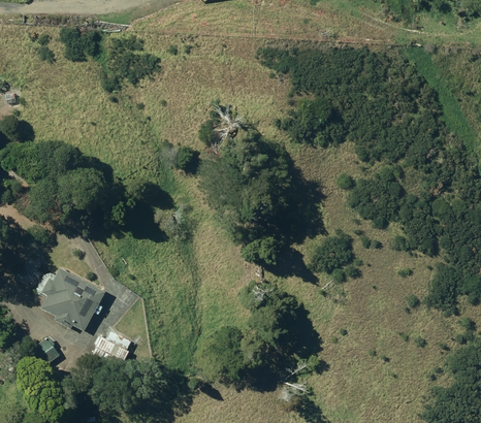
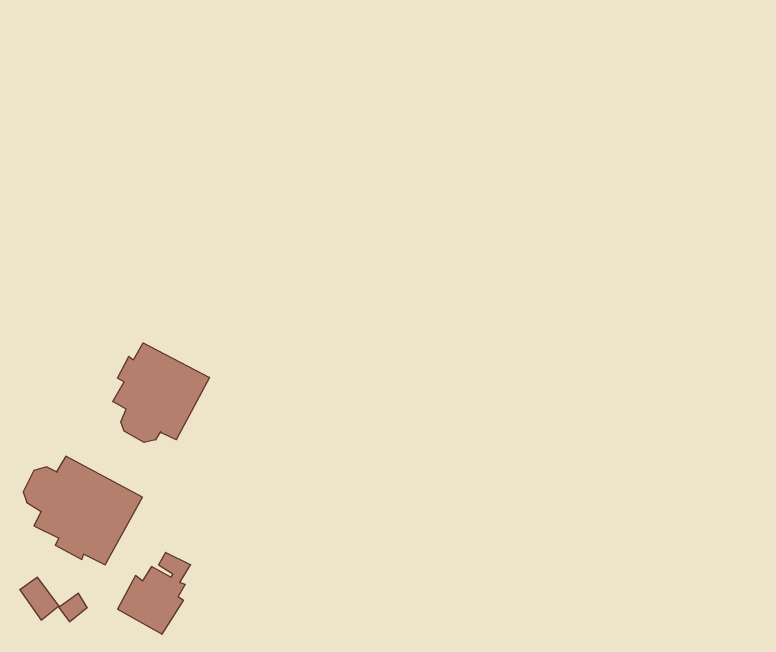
building: none -> [113,343,210,442]

